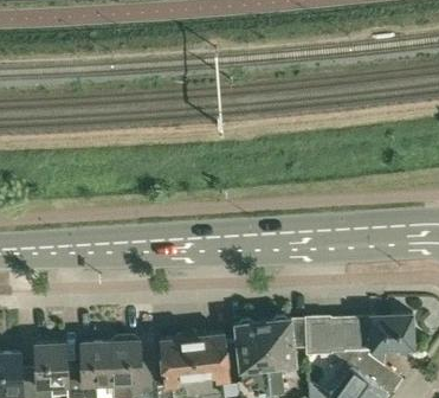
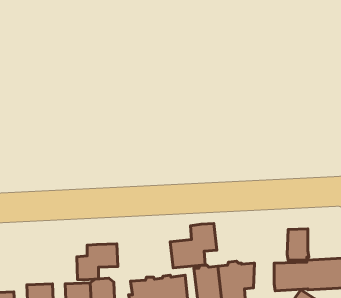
building: none -> [170,223,217,268]
building: none -> [77,244,118,280]
building: [304,316,330,354] -> [287,229,309,260]

